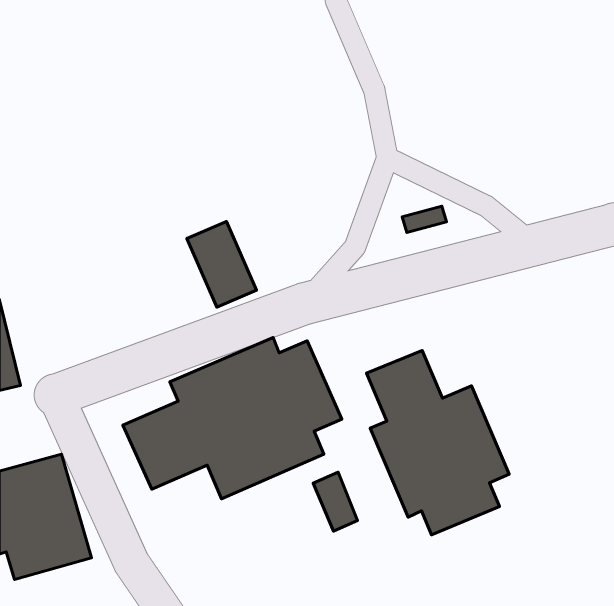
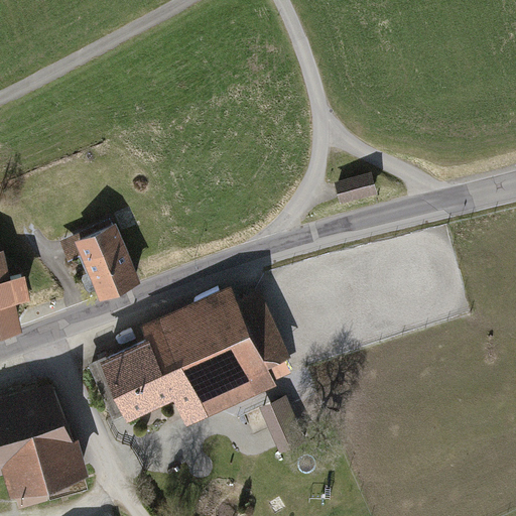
building: [187,222,257,307] -> [79,228,137,299]
building: [366,350,509,535] -> none

